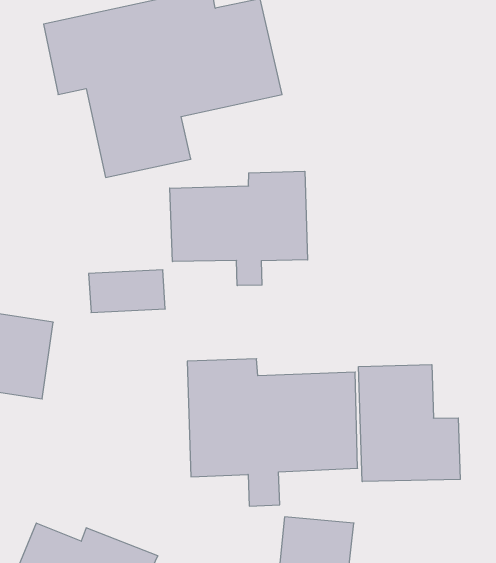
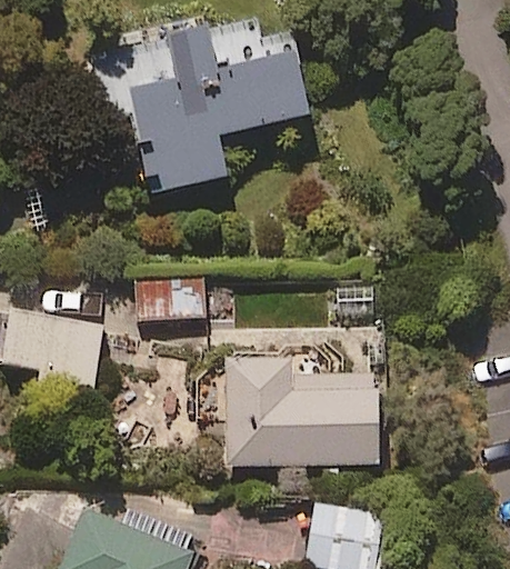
building: [170,171,308,286] -> none
building: [359,365,460,482] -> none

